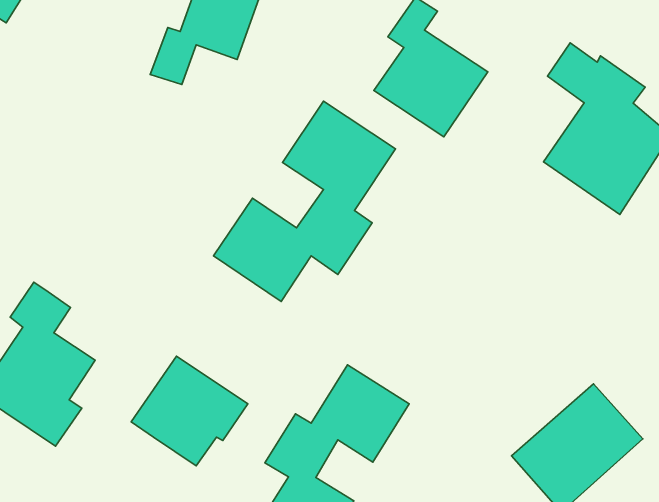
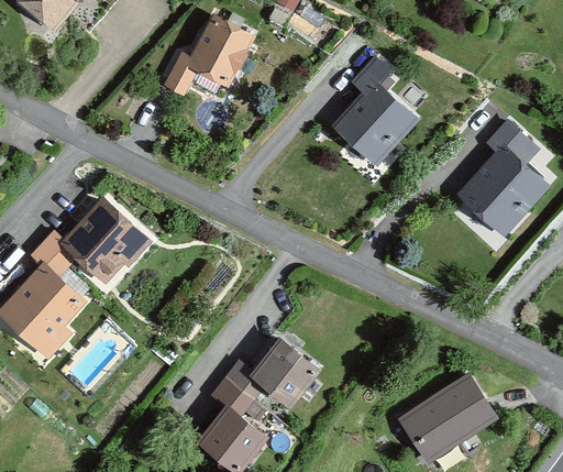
building: [214,101,395,301] -> none
building: [131,356,248,466] -> [59,197,151,283]

